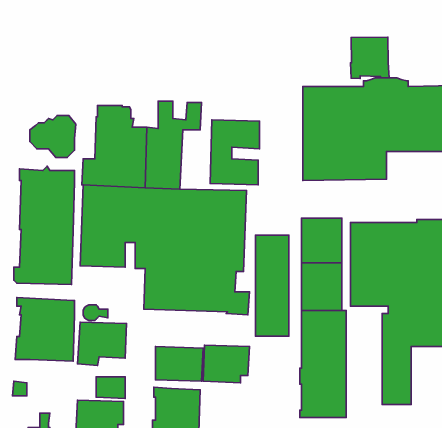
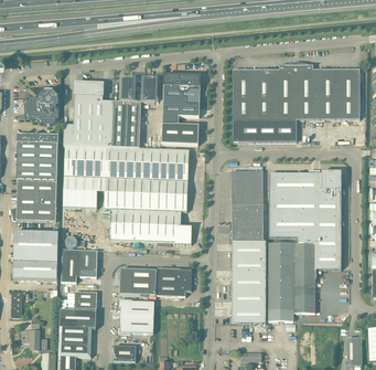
building: [350,37,389,78] -> none
building: none -> [163,77,201,96]
building: [255,235,289,336] -> [268,243,293,320]

